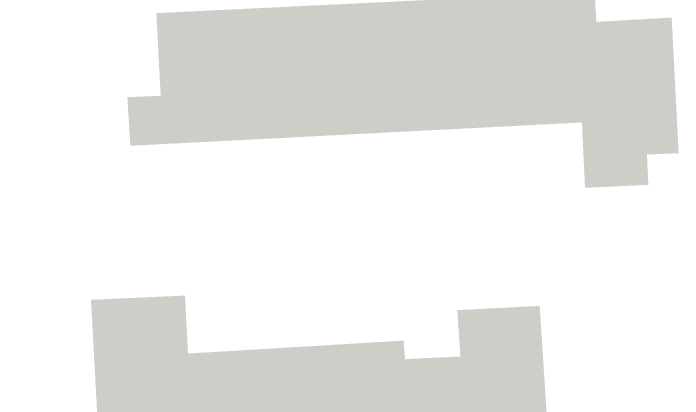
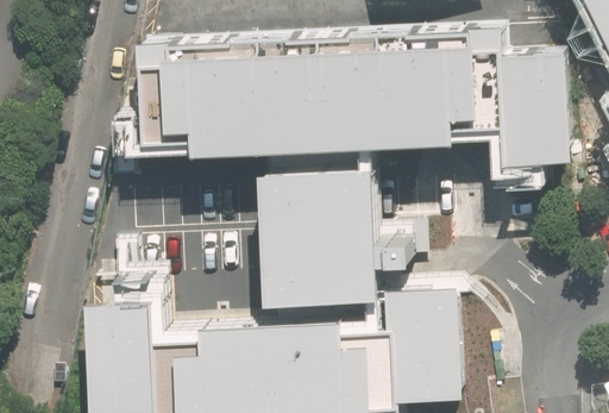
building: none -> [264,168,379,305]

